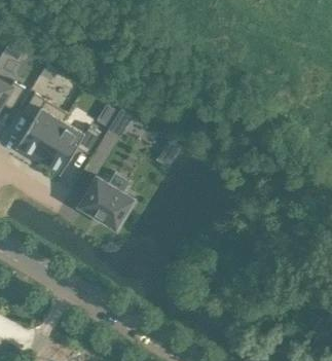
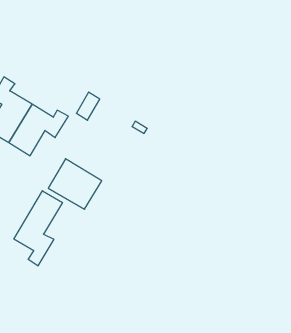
building: none -> [14,191,62,266]

